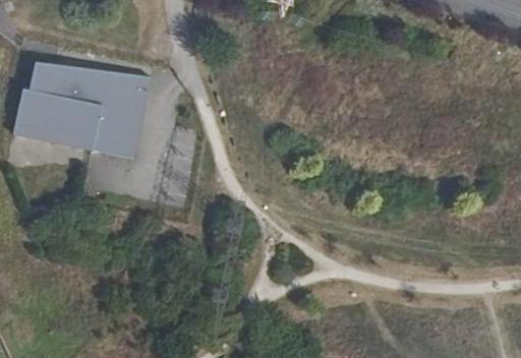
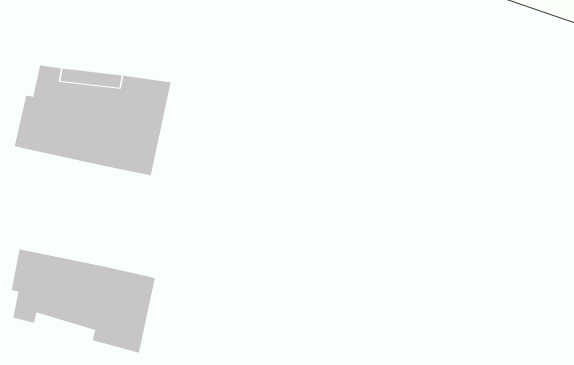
building: none -> [11,248,156,354]

